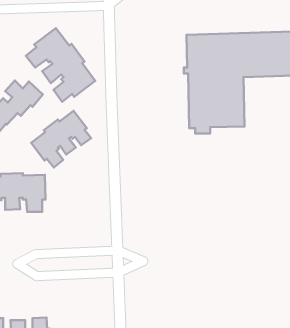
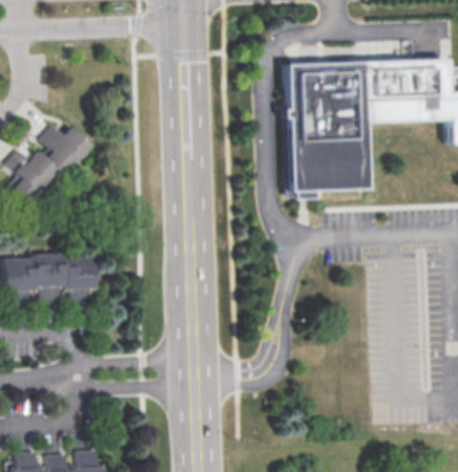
building: [26,28,95,102] -> none
building: [31,111,91,167] -> none

